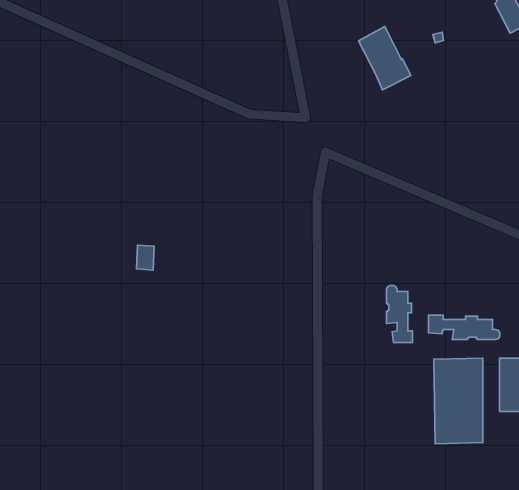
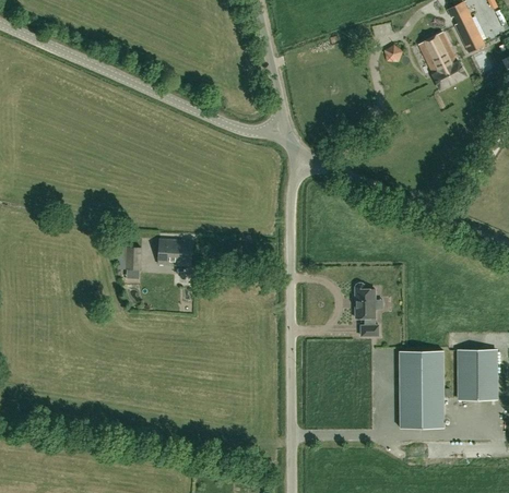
building: [359,27,411,90] -> [418,31,466,88]
building: none -> [158,238,192,265]
building: [428,315,500,339] -> none

